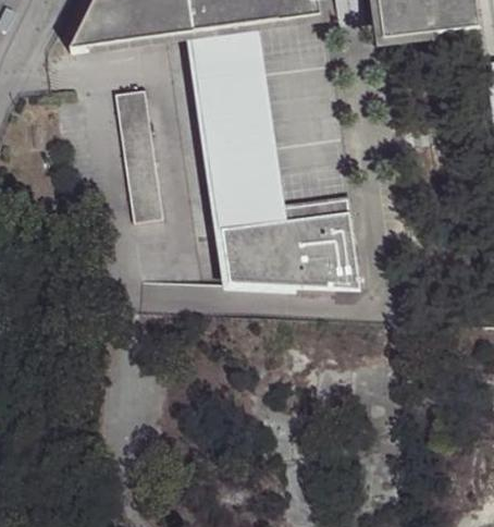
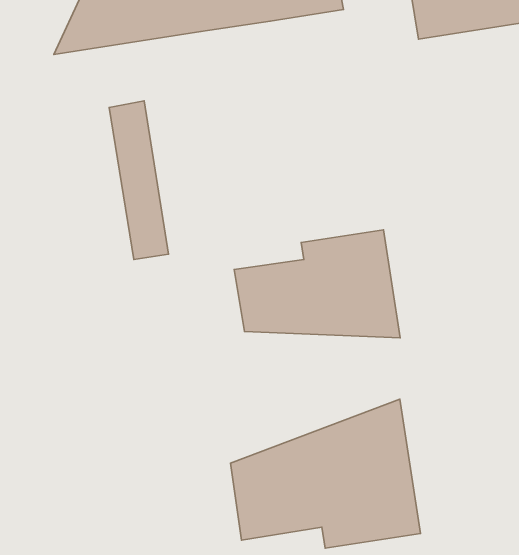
building: [190,21,277,231] -> none
building: none -> [231,399,421,548]

